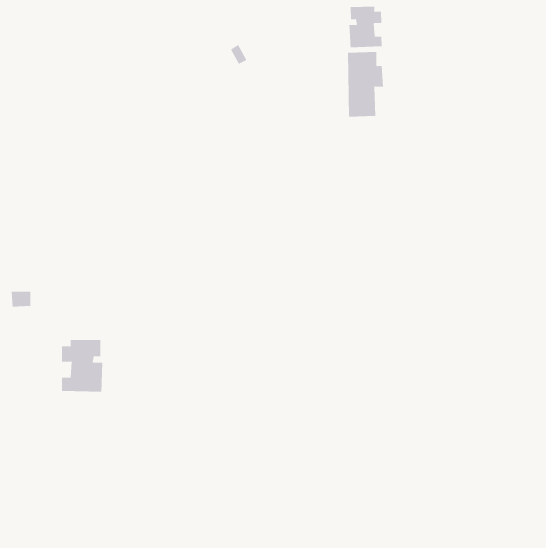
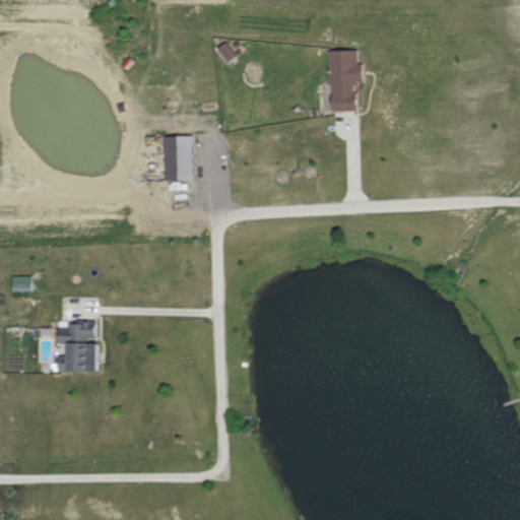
building: [349,6,382,48] -> none
building: none -> [164,135,192,181]

